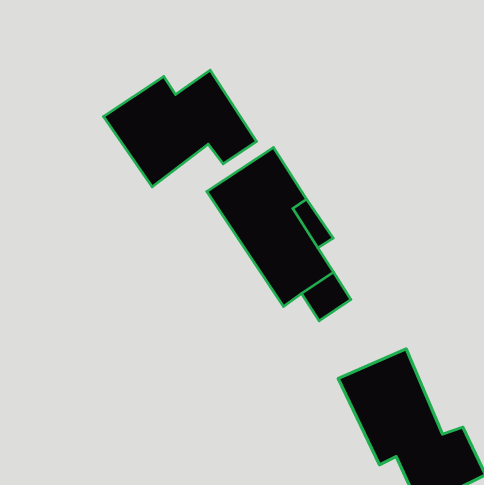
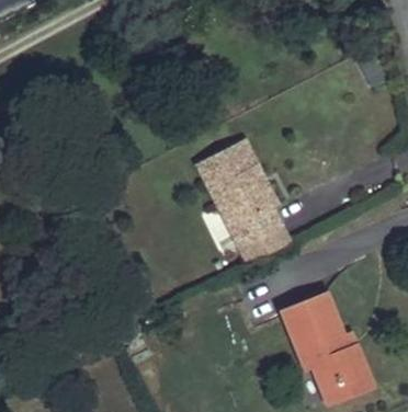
building: [103,70,257,187] -> none

